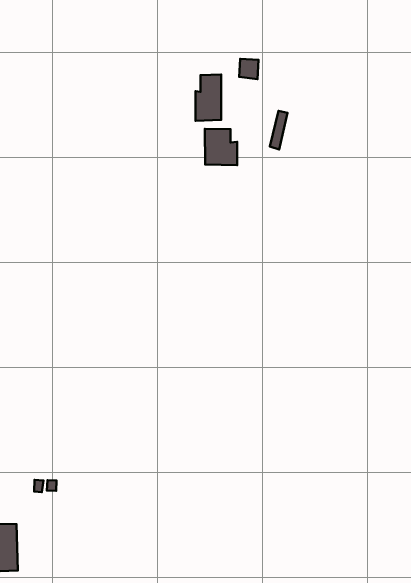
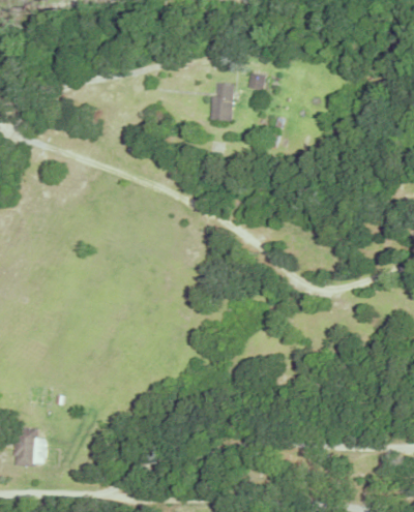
building: [205,129,237,165] -> none

